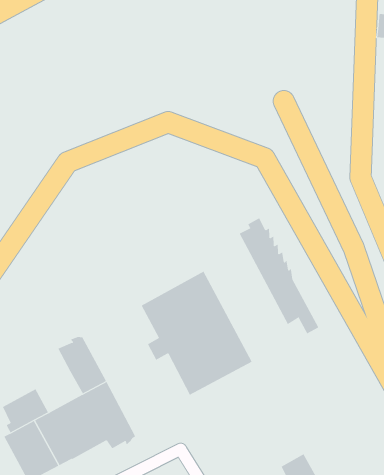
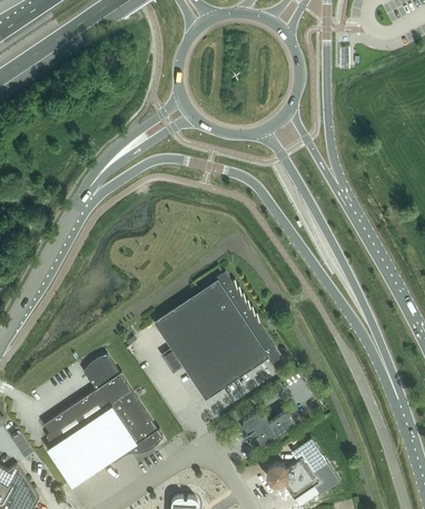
building: [239,218,319,334] -> [207,272,285,370]
building: none -> [70,386,111,424]
building: none -> [241,411,294,446]

